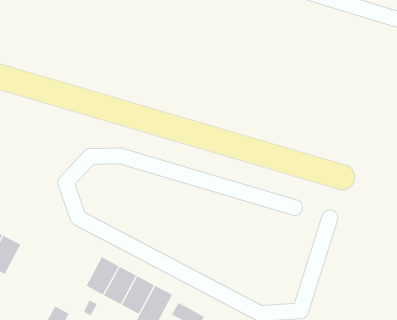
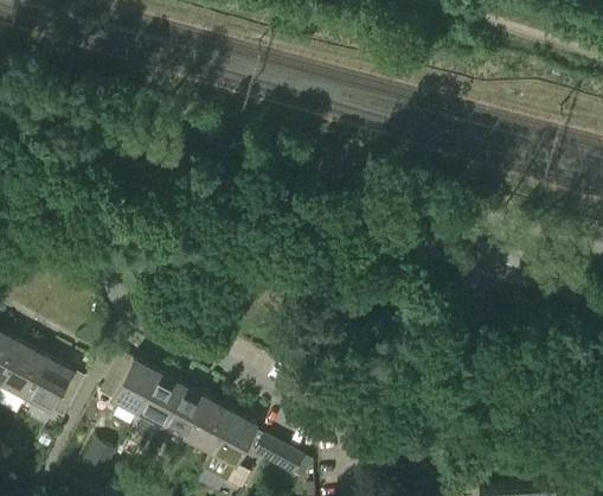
building: none -> [104,357,160,415]
building: none -> [27,358,75,413]

